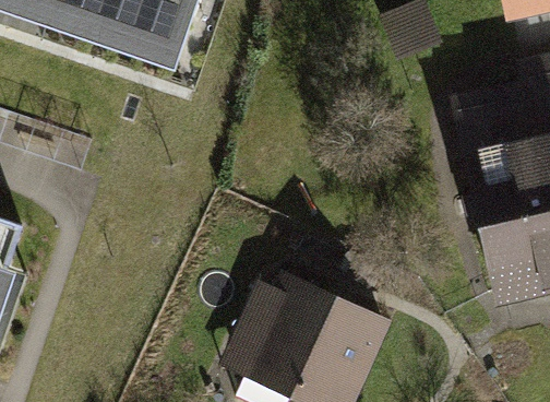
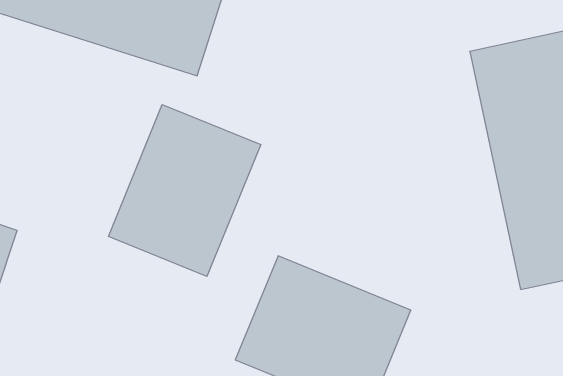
building: none -> [108,105,261,276]

